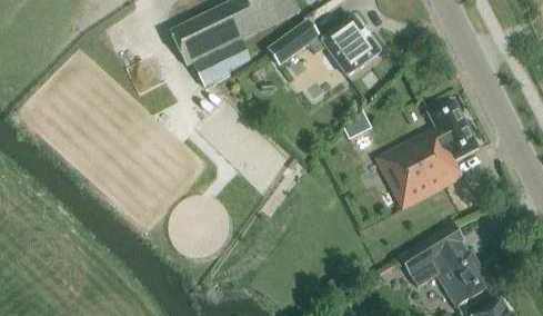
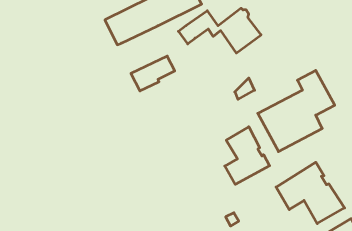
building: [192,39,251,86] -> [131,56,175,91]
building: none -> [225,127,270,184]

